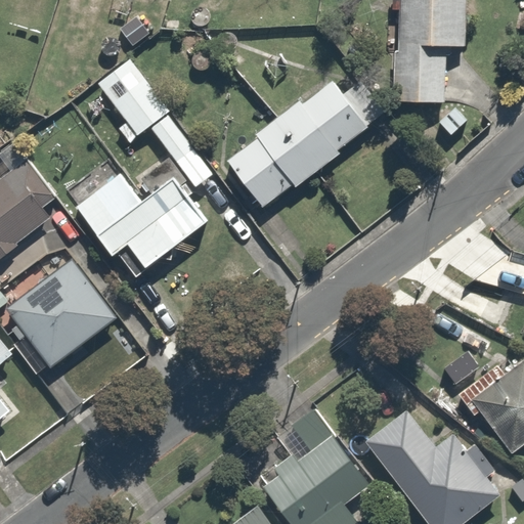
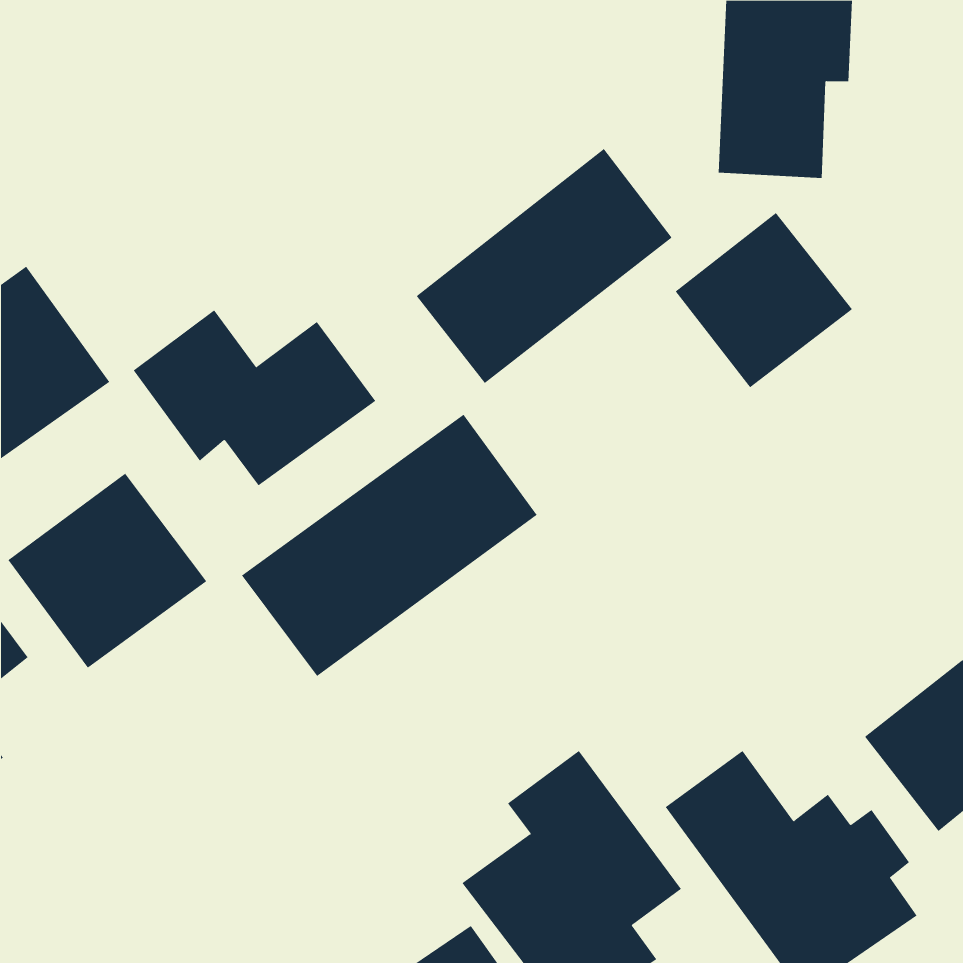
building: [97,58,218,190] -> none
building: none -> [675,212,853,388]
building: none -> [241,414,537,677]

